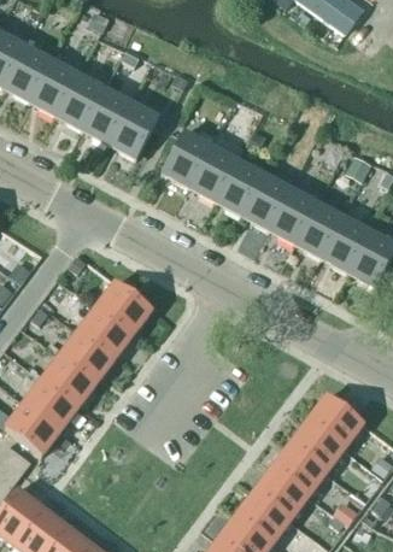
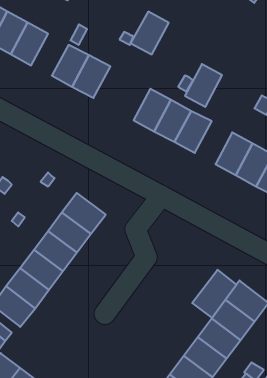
building: [57,74,105,128] -> none
building: [162,130,211,186] -> [131,12,169,54]
building: [269,187,317,242] -> [185,64,222,107]
building: none -> [192,270,236,318]

